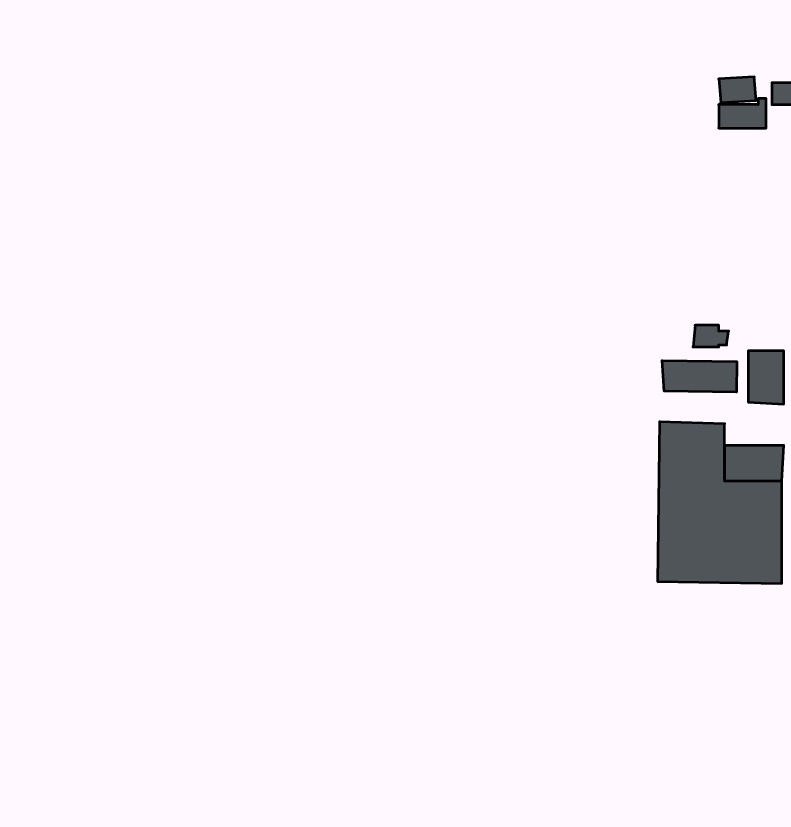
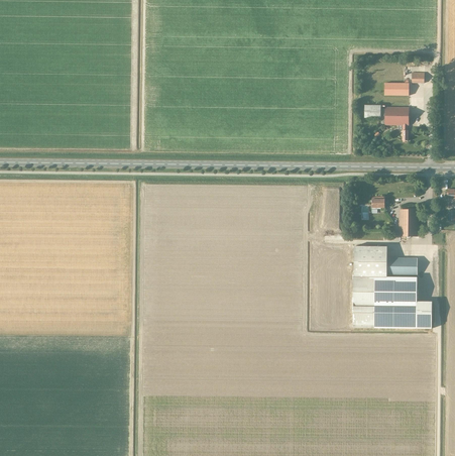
building: none -> [365,105,409,129]
building: [662,361,737,392] -> none

